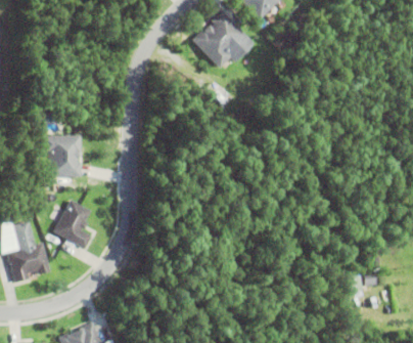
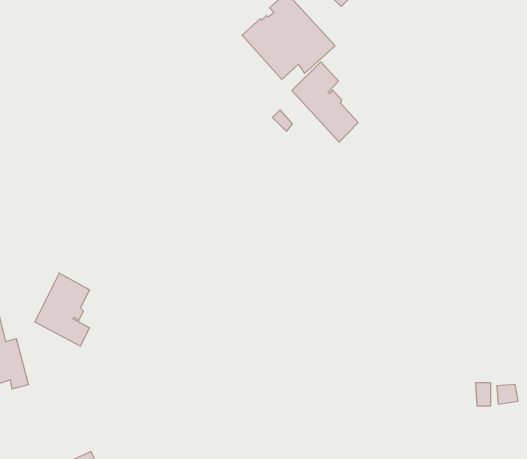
building: none -> [292,62,358,142]
building: [41,137,81,179] -> none

